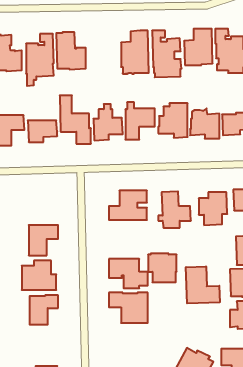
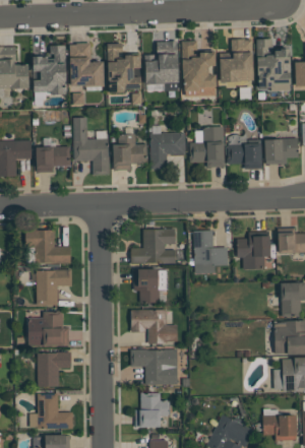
building: none -> [108,44,141,92]
building: none -> [26,231,70,264]
building: [148,254,177,282] -> [134,269,168,303]
building: [186,266,220,303] -> none
building: none -> [29,393,73,430]
building: none -> [135,393,170,428]

